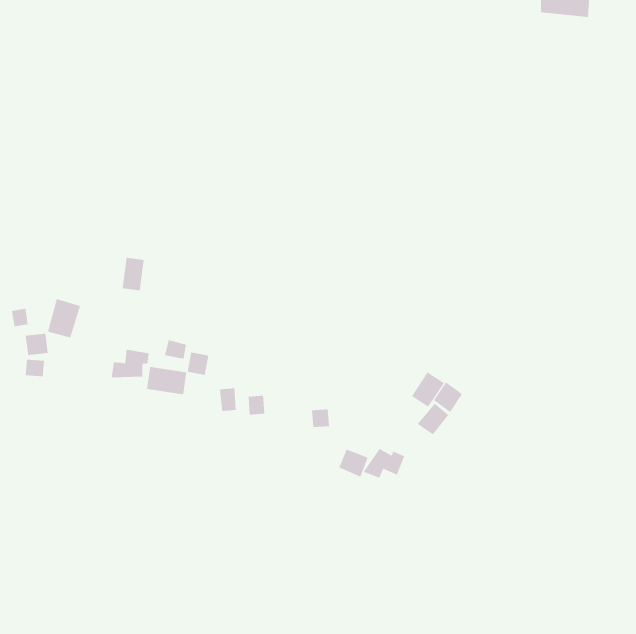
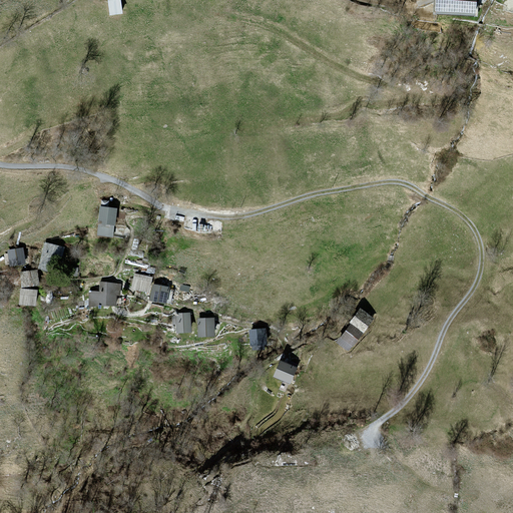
building: [147,366,187,395] -> none
building: [411,372,445,408] -> none
building: [363,448,405,479] -> none

